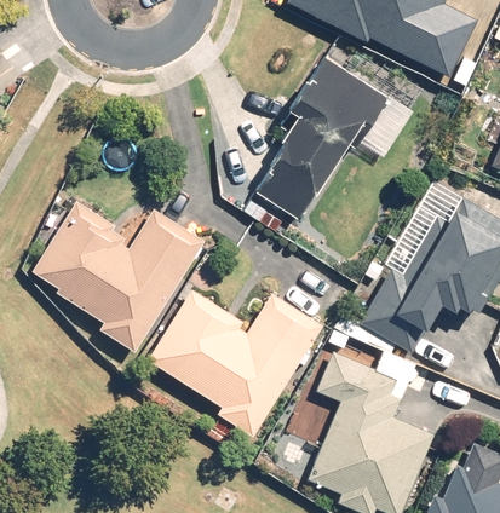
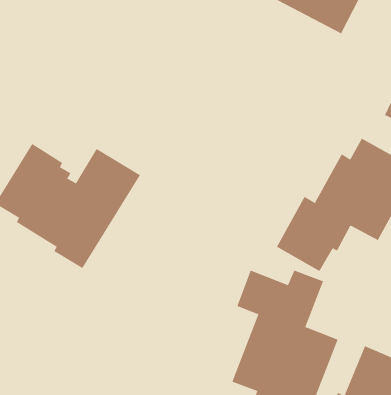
building: [253,58,389,224] -> none
building: [149,293,322,436] -> none

